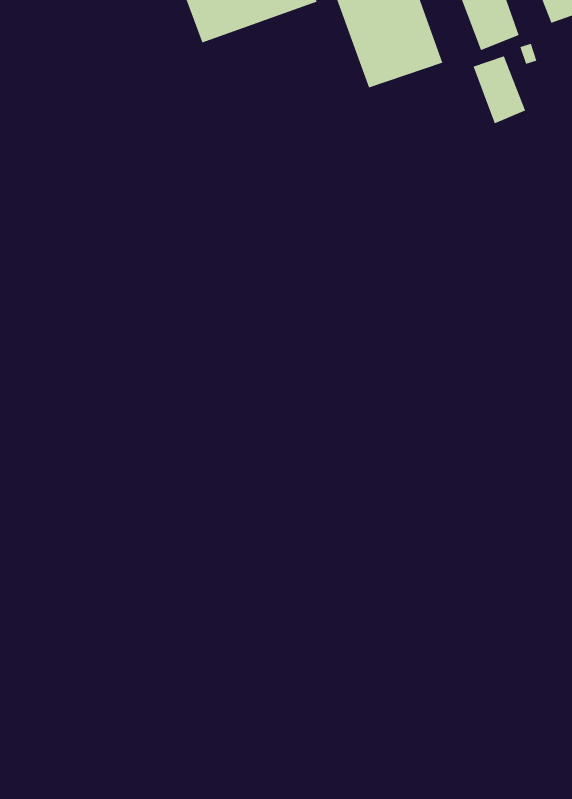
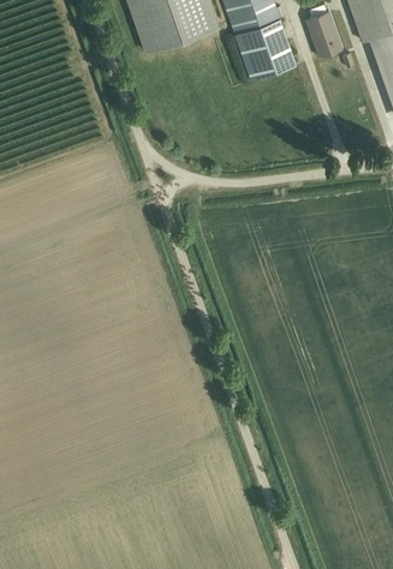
building: [473,55,526,124] -> none

